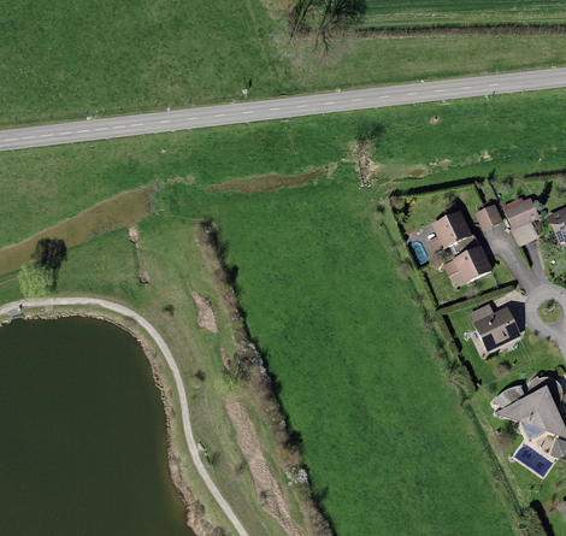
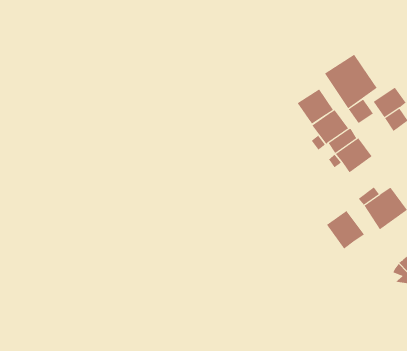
building: none -> [324,54,377,109]
building: none -> [297,89,334,124]
building: none -> [326,210,365,250]

